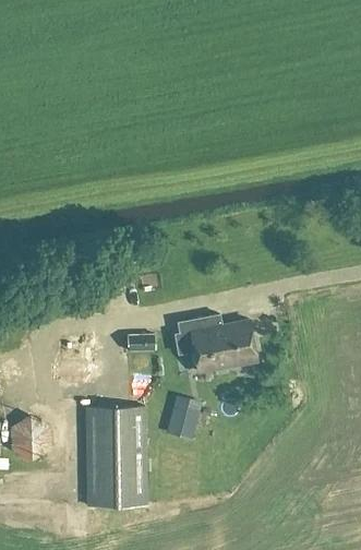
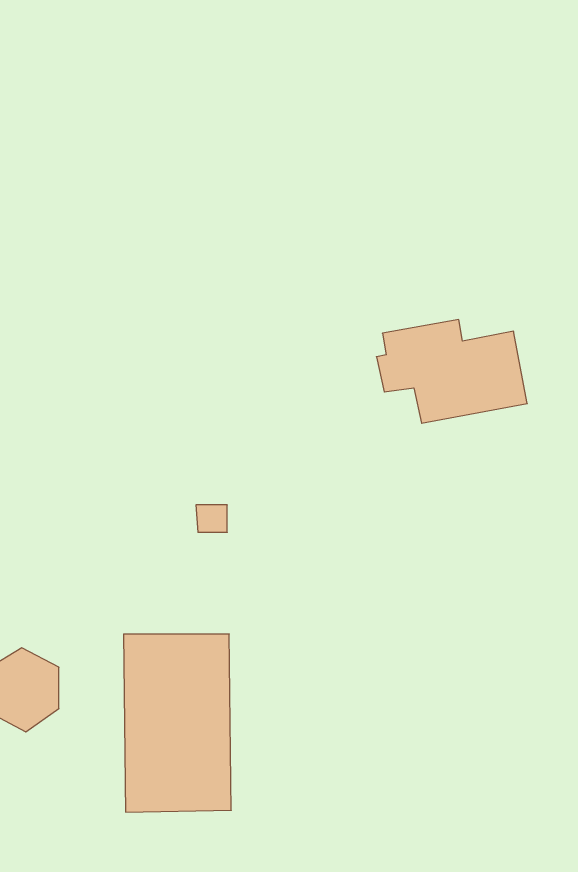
building: [173,314,257,372] -> [376,320,527,423]
building: [166,404,200,440] -> none

